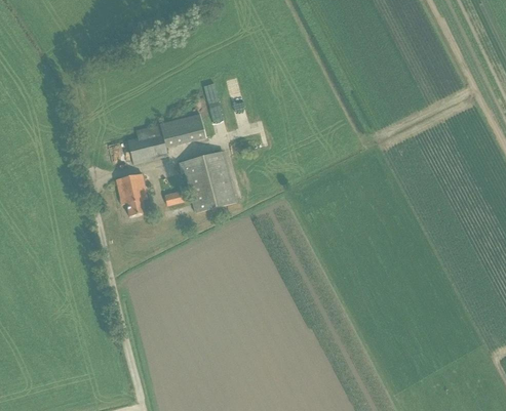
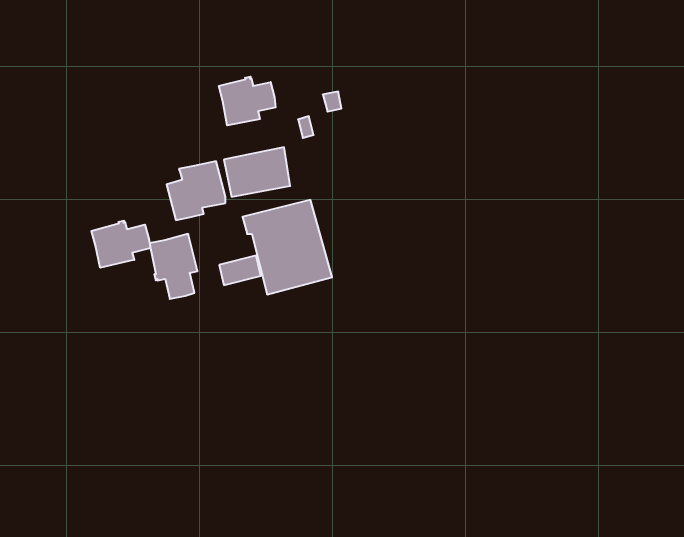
building: none -> [219,77,276,125]
building: none -> [91,221,150,268]

